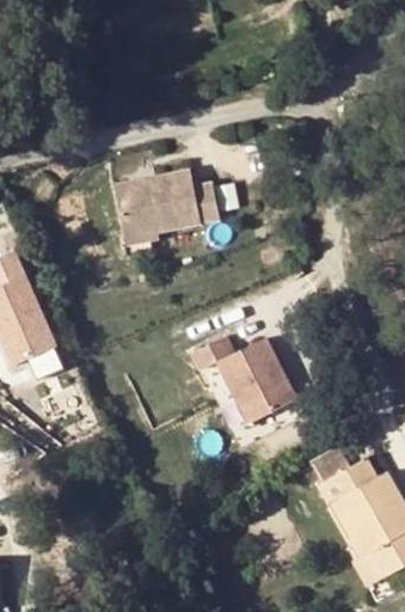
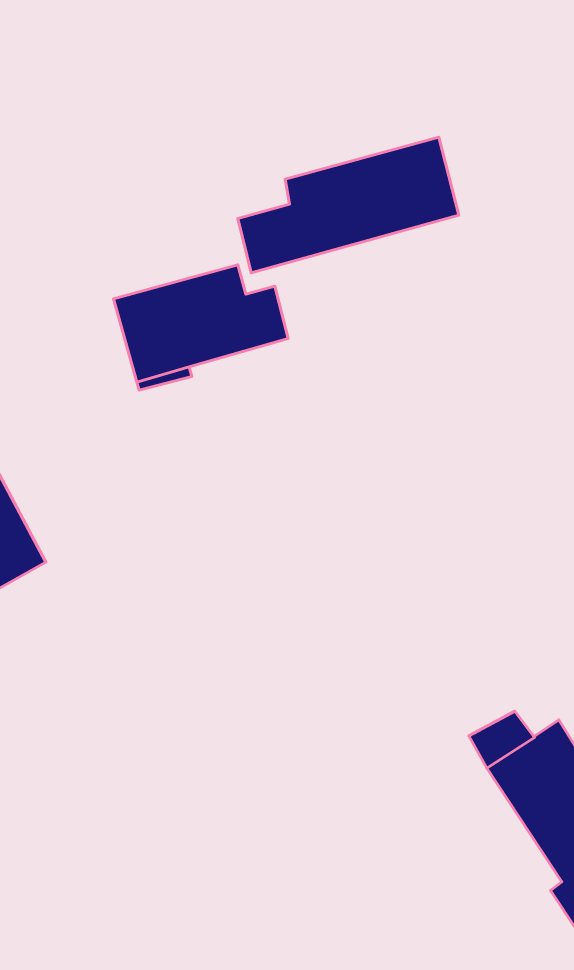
building: none -> [238,137,459,273]
building: [194,336,294,423] -> none

